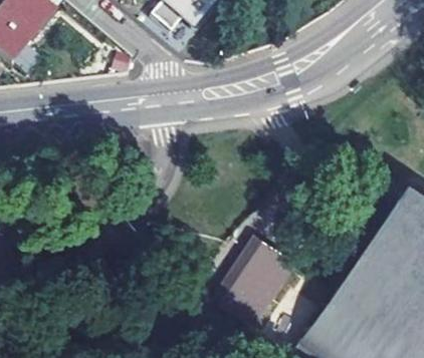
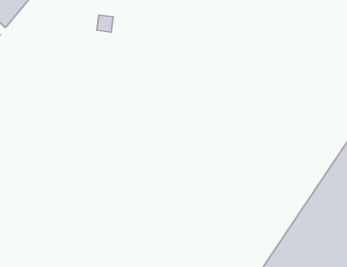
building: [220,234,303,323] -> none

